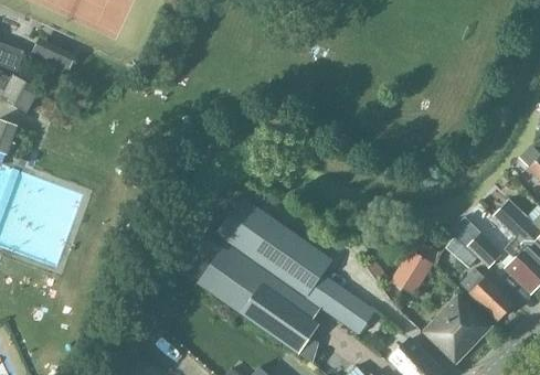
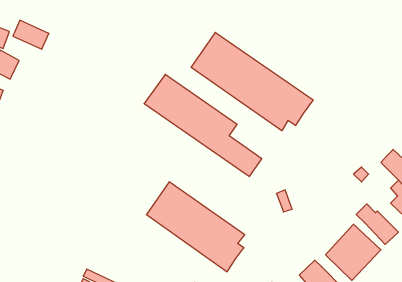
building: none -> [191,32,313,131]
building: [215,197,363,325] -> [144,74,262,176]
building: [445,234,502,269] -> none
building: [393,254,432,296] -> none

